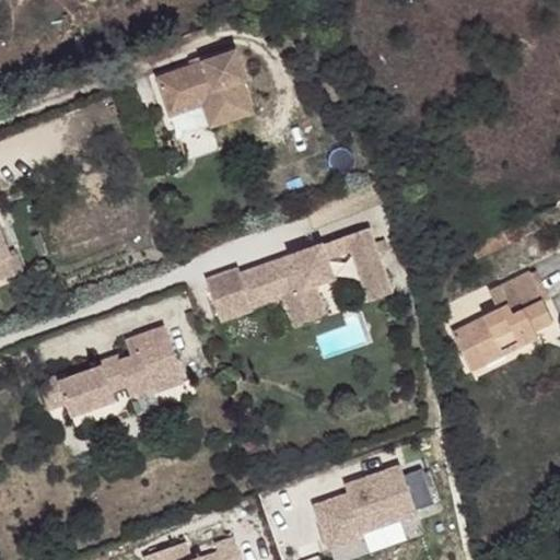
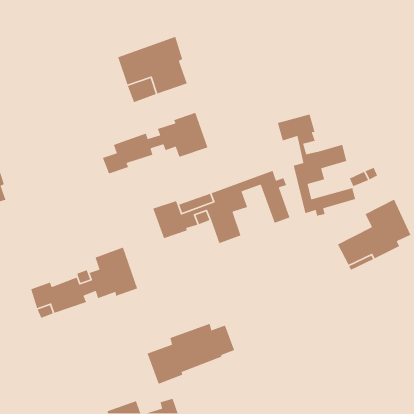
building: none -> [102,112,209,175]
building: none -> [277,113,356,217]
building: [314,463,433,546] -> [147,323,235,385]

